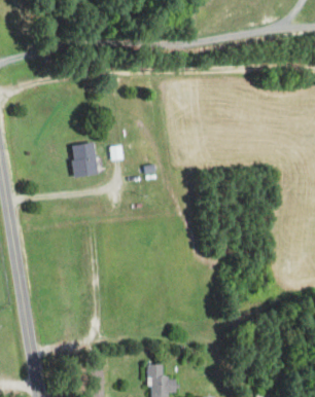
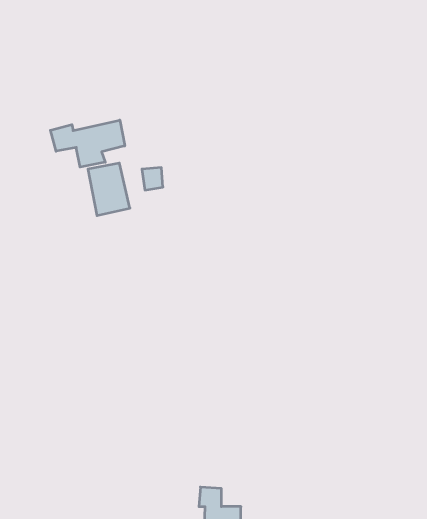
building: none -> [50,120,125,167]

